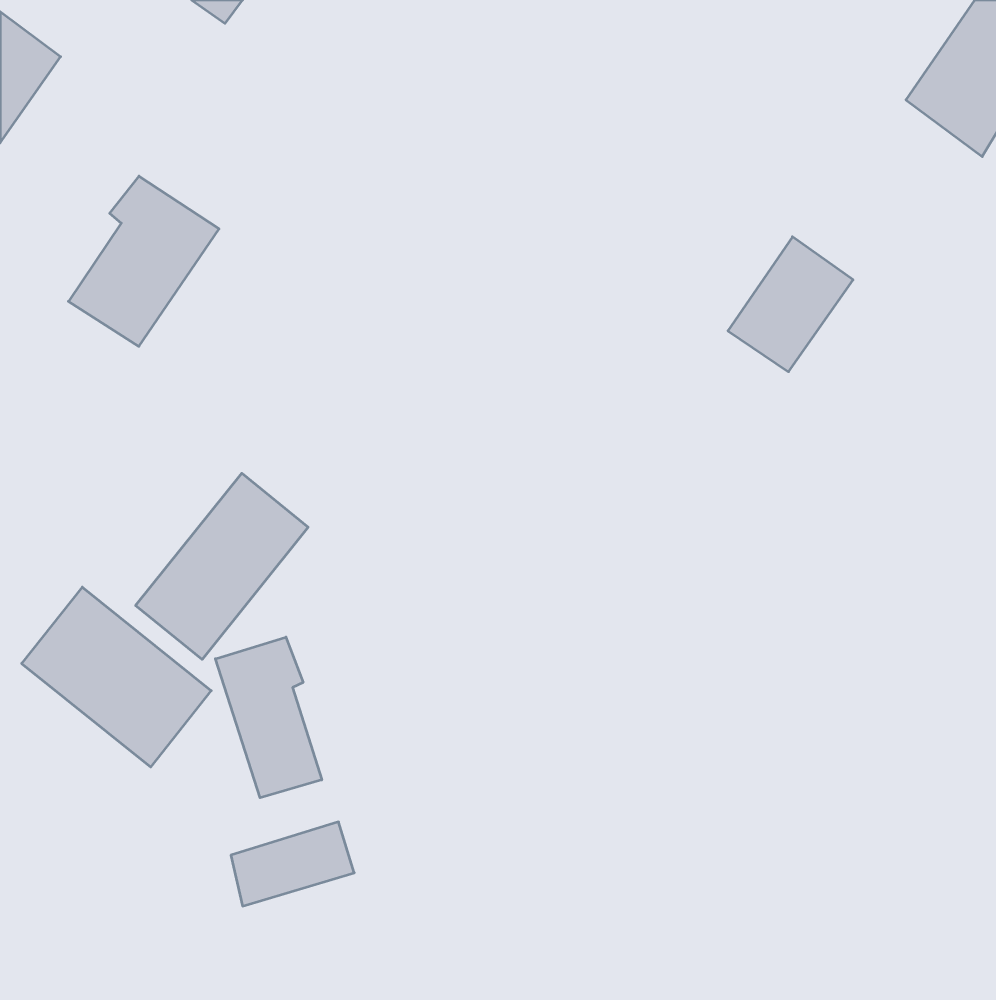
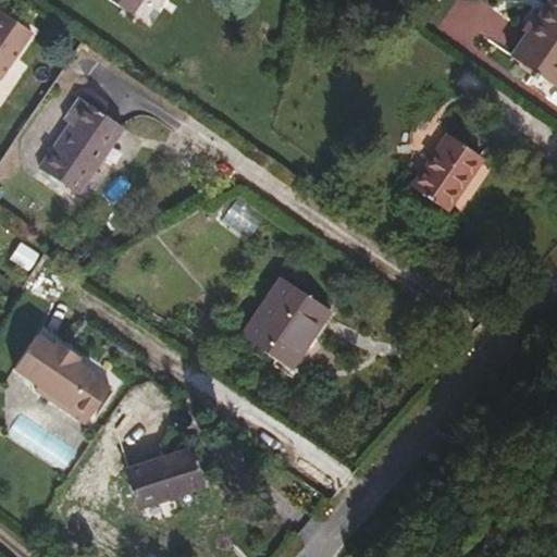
building: [136,473,308,659] -> none
building: none -> [240,278,327,371]
building: [215,637,322,798] -> none

